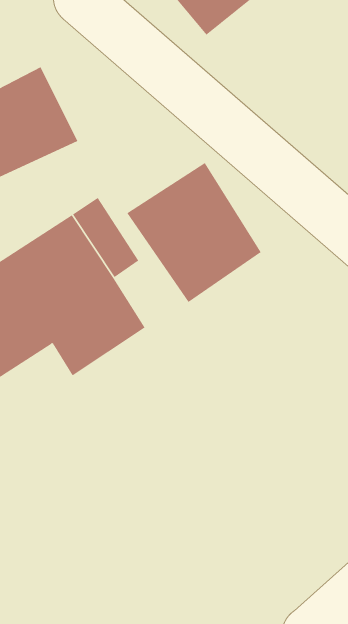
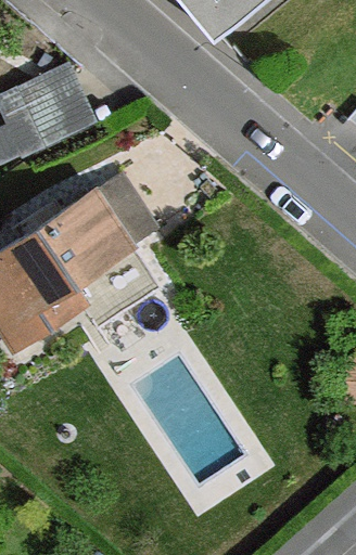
building: [126,162,262,303] -> none

